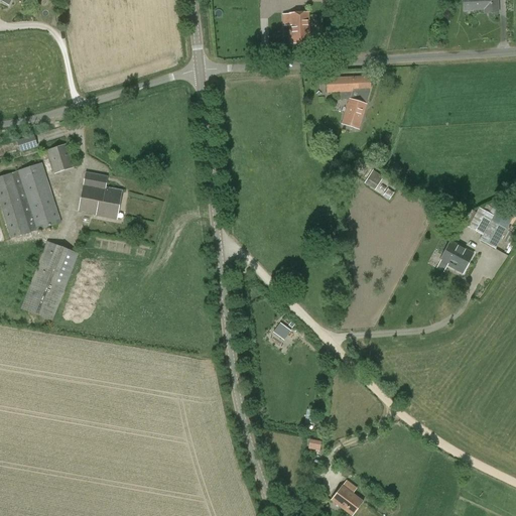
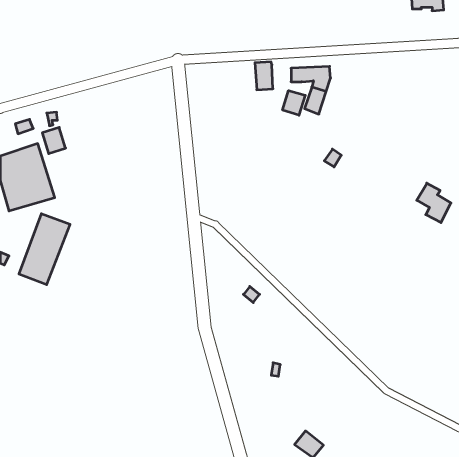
building: [289,11,309,42] -> [255,62,273,90]
building: none -> [283,91,305,115]
building: [79,170,122,218] -> none
building: [439,240,474,272] -> none

